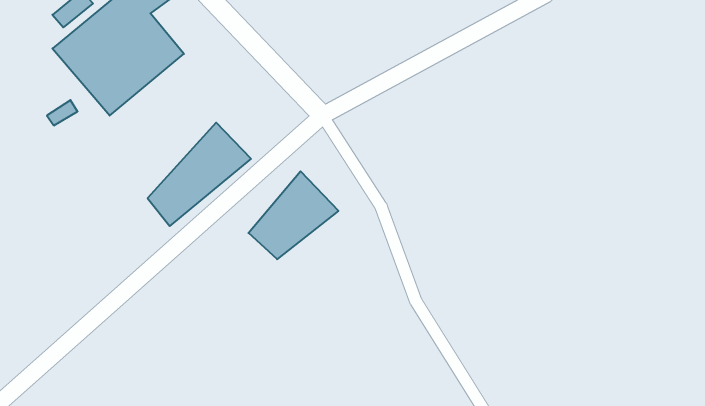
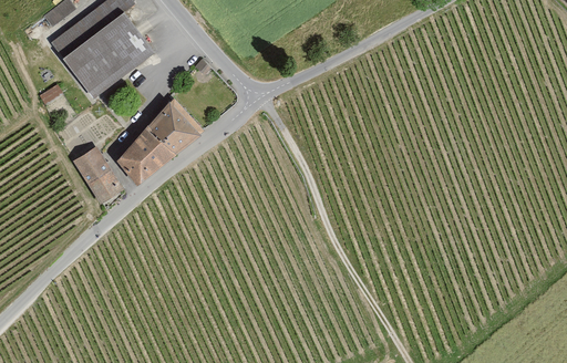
building: [248,171,338,259] -> none
building: none -> [76,149,121,201]

